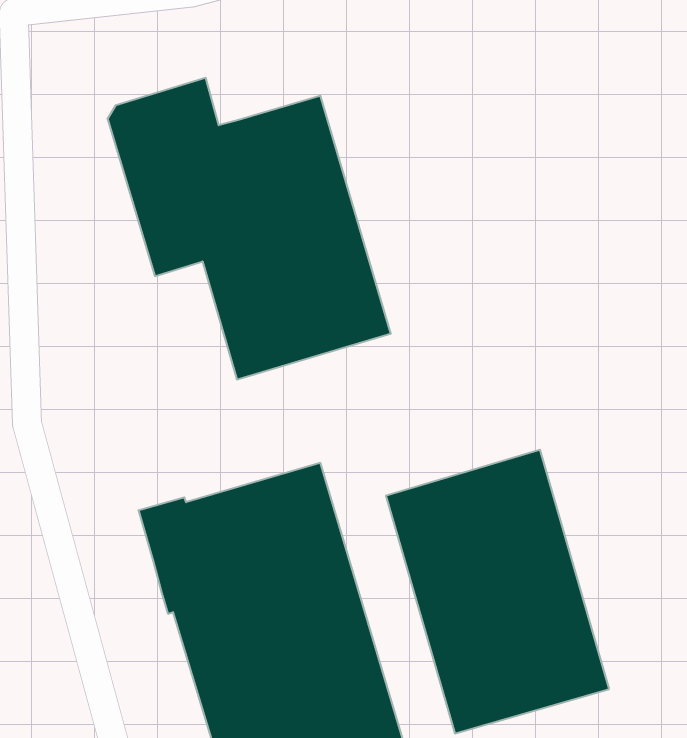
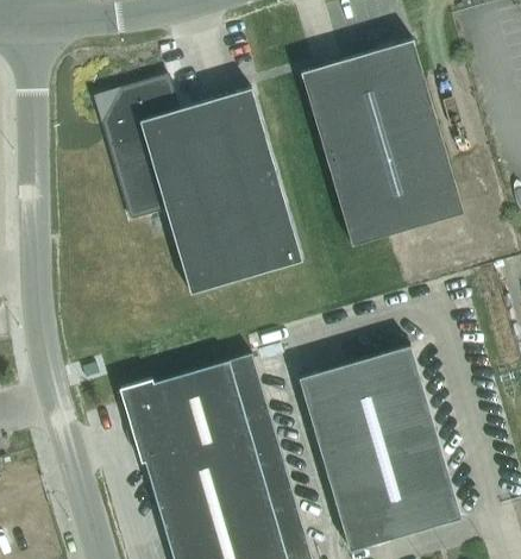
building: none -> [300,39,463,245]

